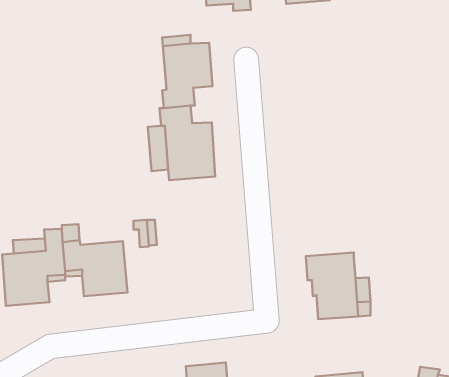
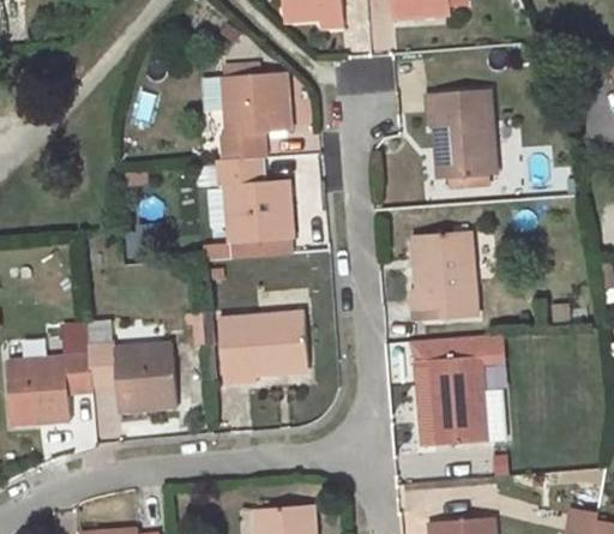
building: none -> [426,89,496,179]
building: none -> [411,230,477,322]
building: none -> [218,312,308,383]
building: none -> [409,334,505,364]

